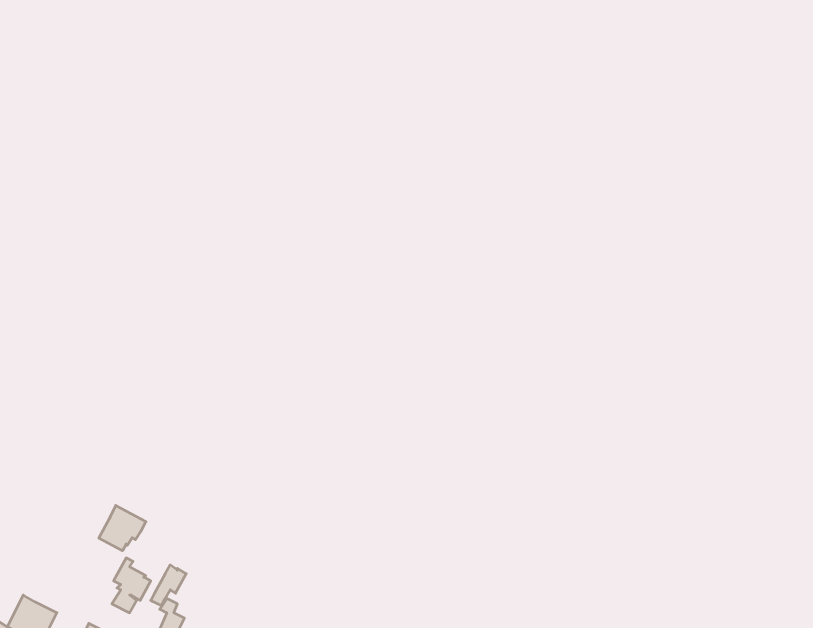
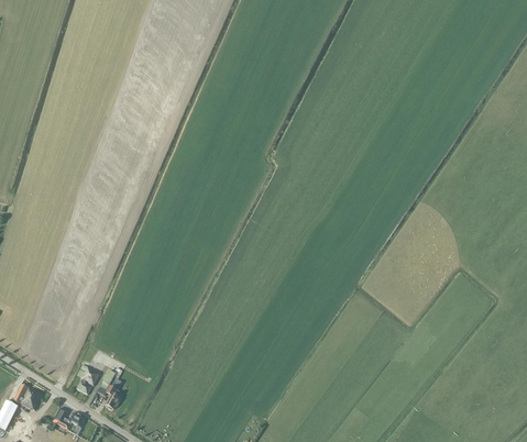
building: [99,505,146,551] -> none

